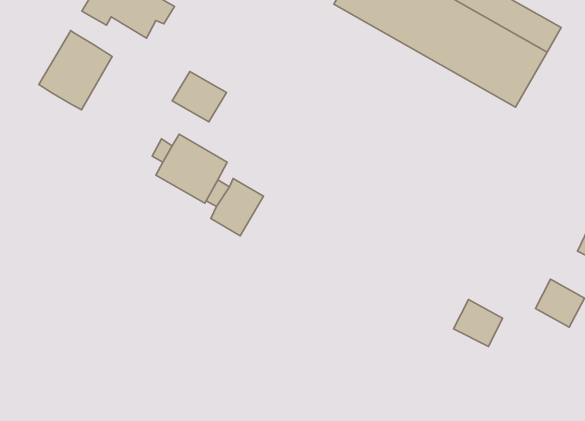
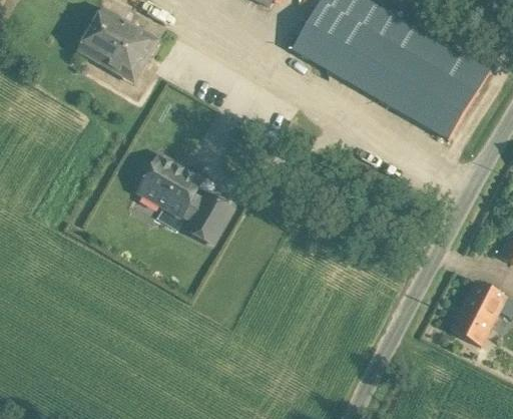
building: [39,30,112,110] -> none
building: [172,72,226,122] -> none
building: [453,300,503,346] -> [452,308,494,348]

